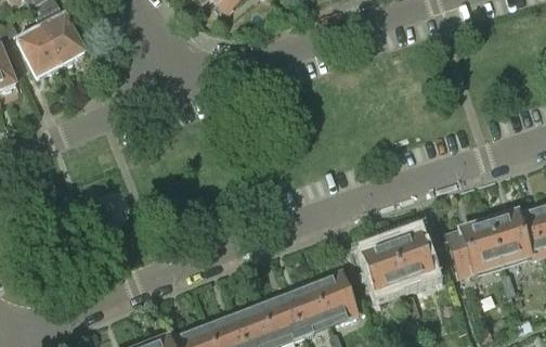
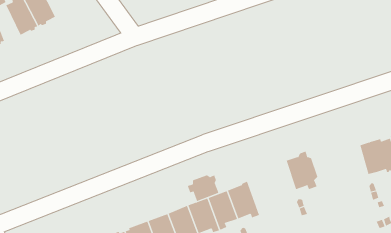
building: [447,223,499,275] -> none
building: [361,244,403,297] -> none
building: none -> [187,175,219,202]

